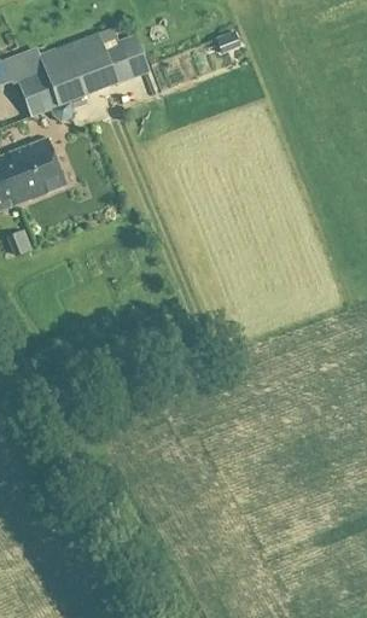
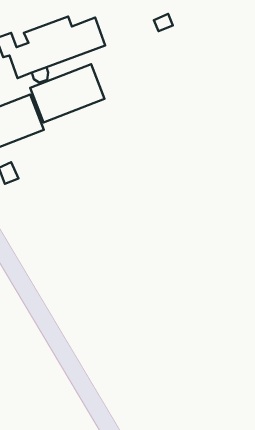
building: none -> [30,64,105,123]

